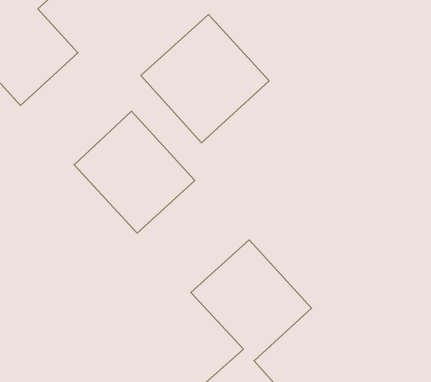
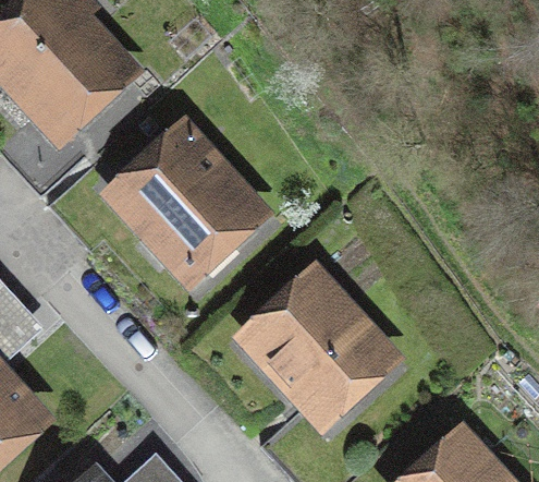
building: [141,15,269,143] -> none

